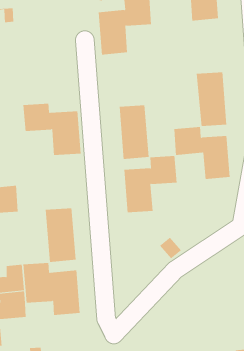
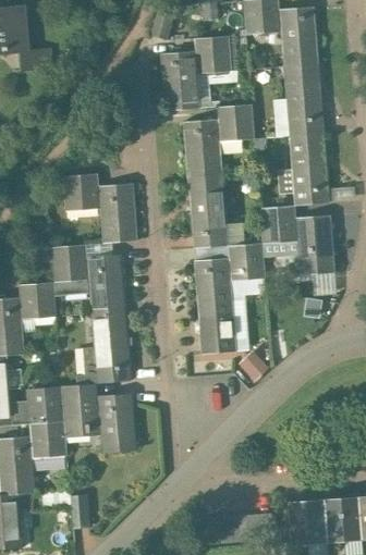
building: none -> [283,63,325,135]
building: none -> [183,103,254,178]
building: none -> [50,245,126,313]
building: none -> [198,316,235,354]

